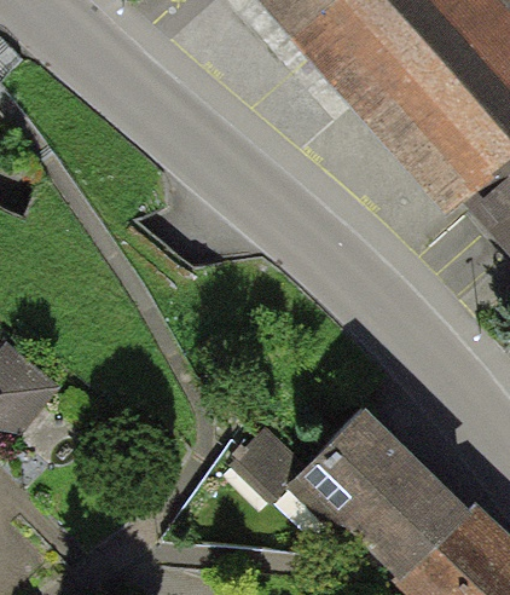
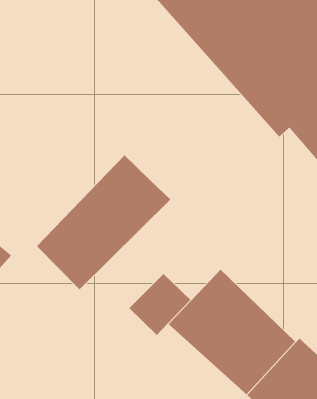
building: none -> [36,154,171,290]

